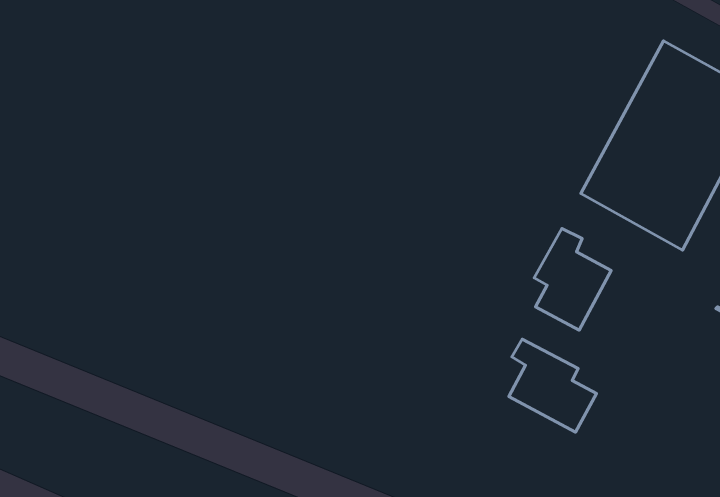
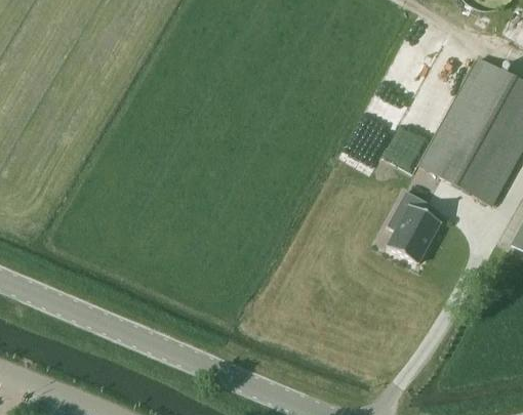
building: [509,339,596,432] -> none

